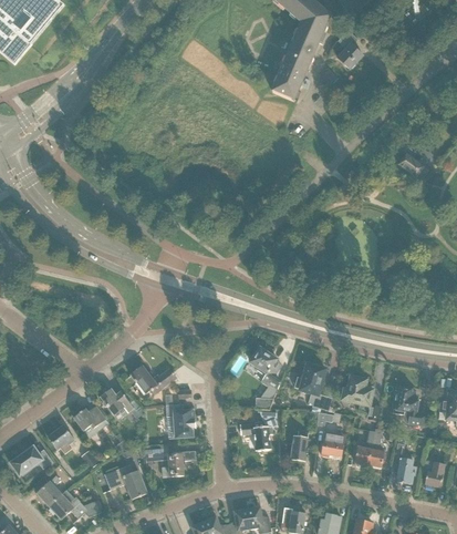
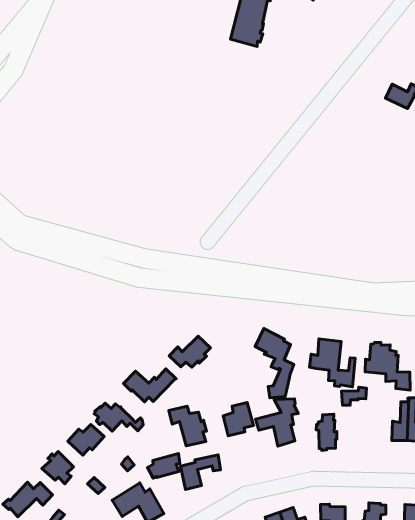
building: none -> [169,336,211,367]
building: none -> [223,402,254,436]
building: [320,429,344,455] -> none

